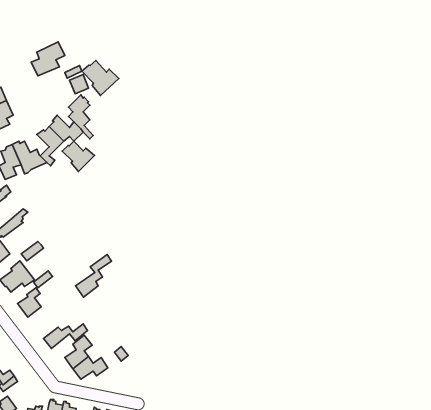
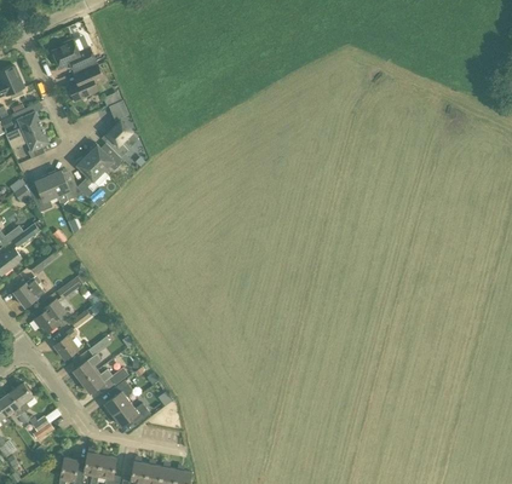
building: none -> [52,40,94,71]
building: [82,60,119,96] -> none
building: [62,141,94,171] -> none
building: [76,254,112,297] -> [71,336,110,382]

